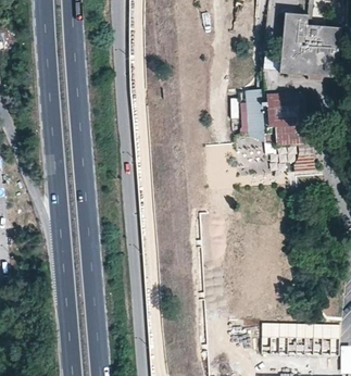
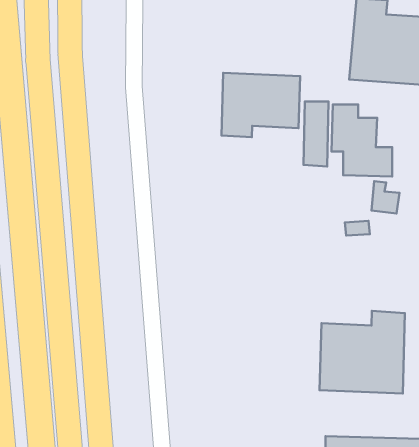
building: none -> [222,73,300,137]
building: none -> [320,311,405,393]

